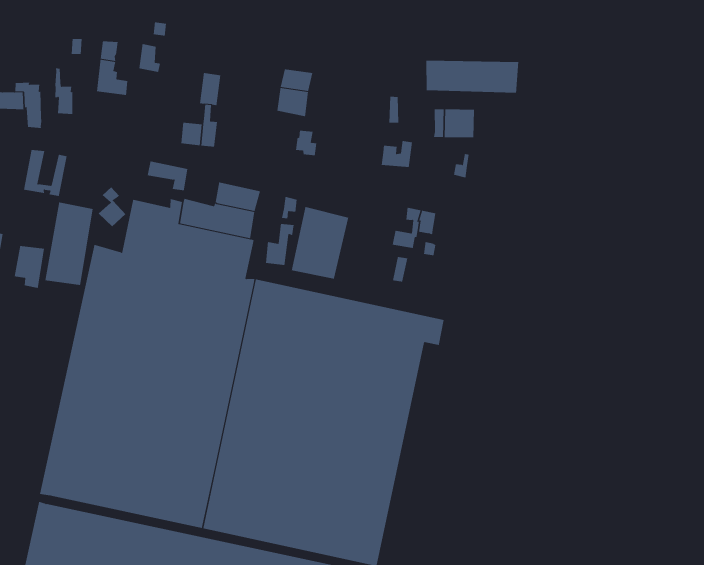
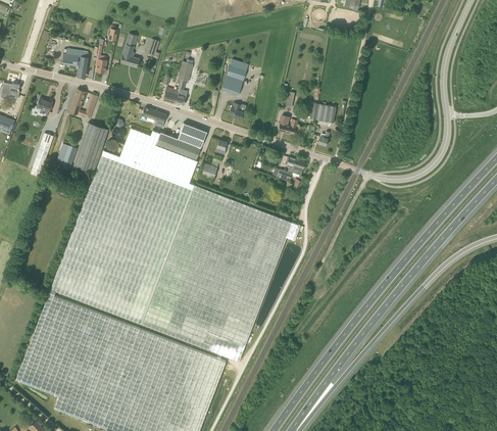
building: [426,60,519,93] -> none
building: [291,206,349,279] -> none

